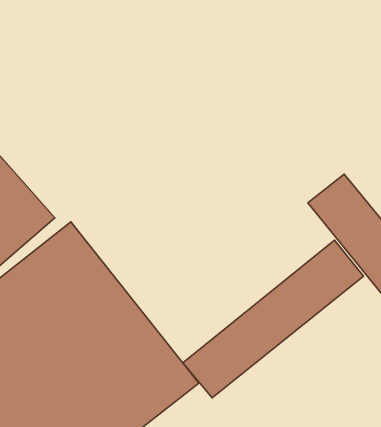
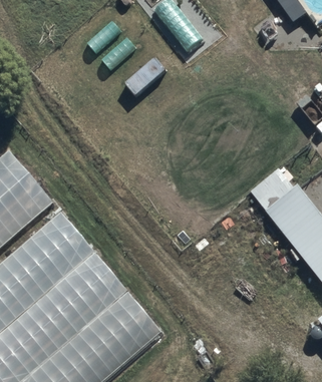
building: [183,240,363,398] -> none

